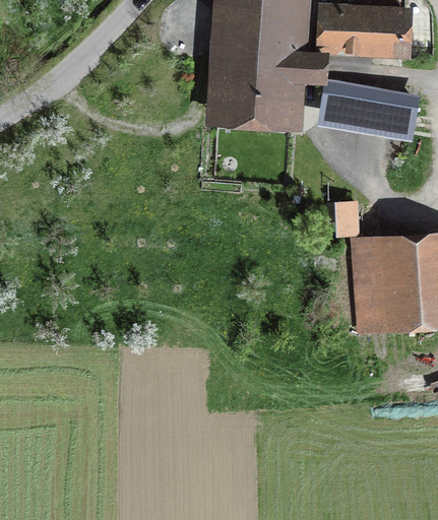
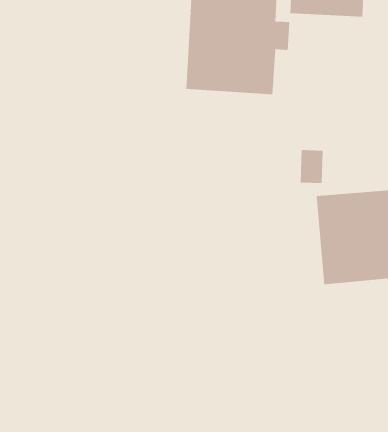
building: [323,79,409,126] -> none

